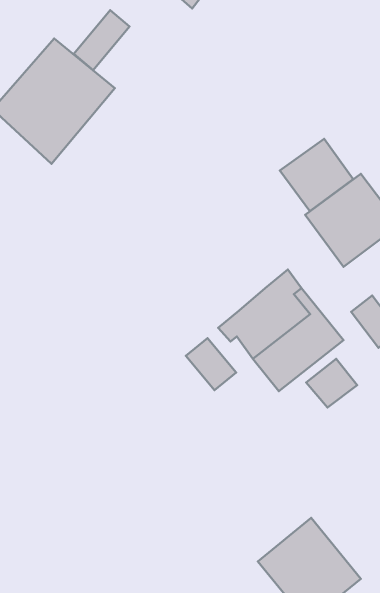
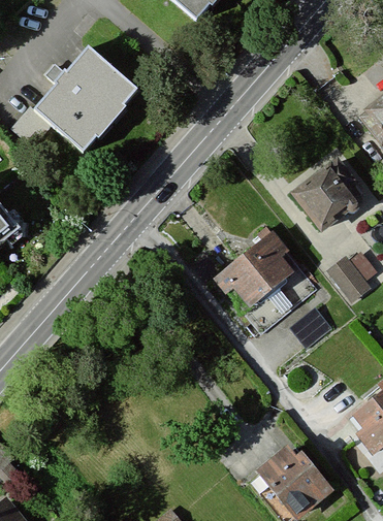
building: [74,10,130,70] -> none
building: [280,139,353,211] -> none
building: [186,338,236,390] -> none

